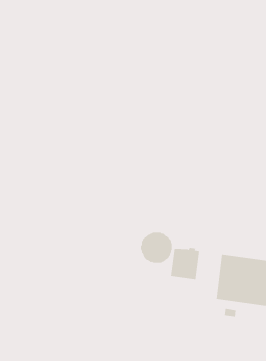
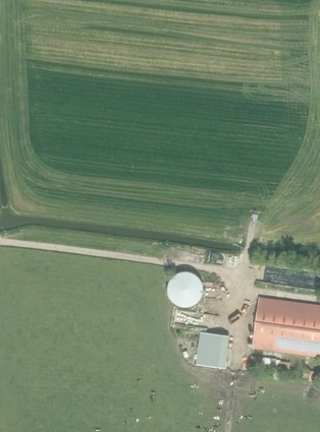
building: [170,247,200,280] -> [196,330,229,367]

